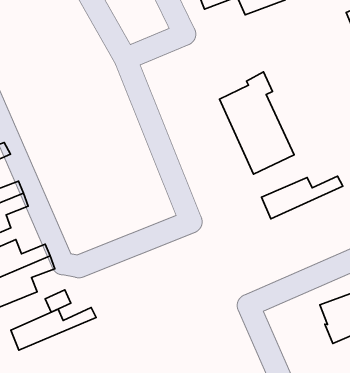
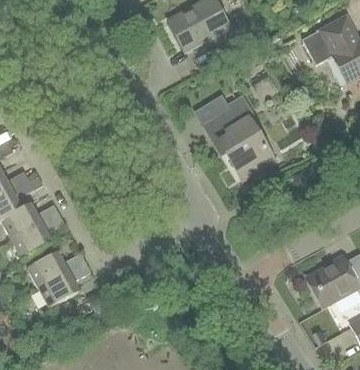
building: [261,176,343,219] -> none
building: [11,308,96,350] -> none

